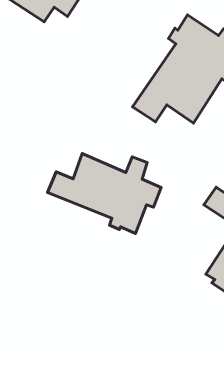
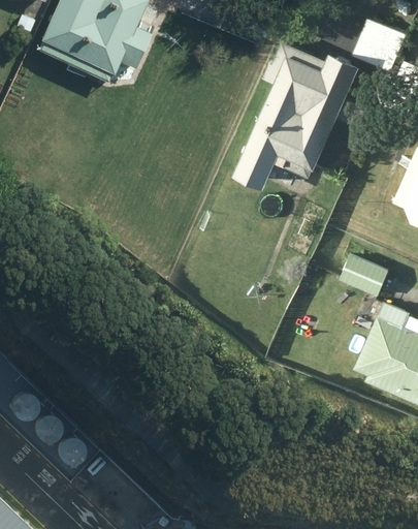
building: [48,154,161,234] -> none

